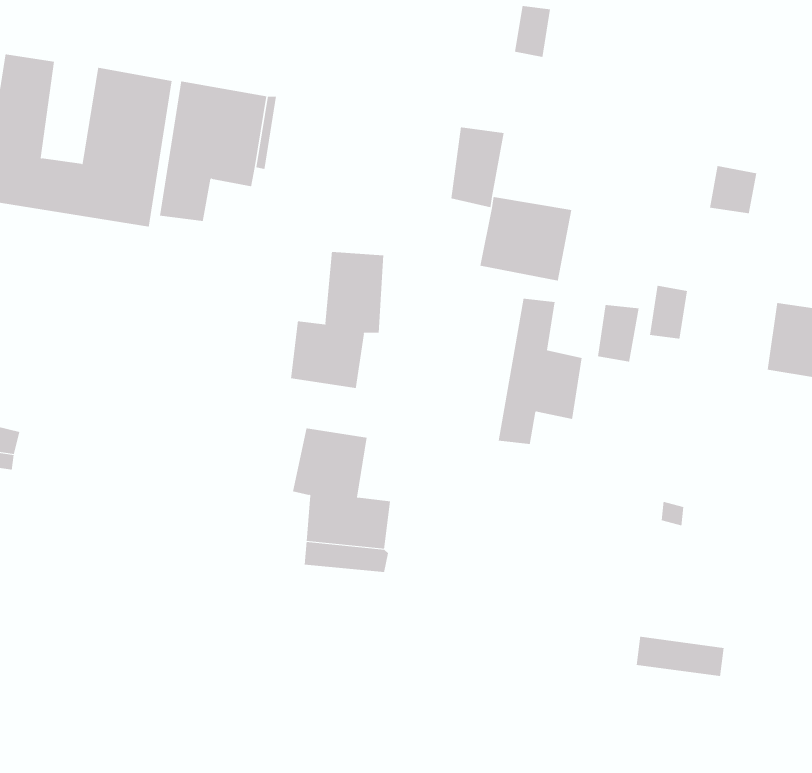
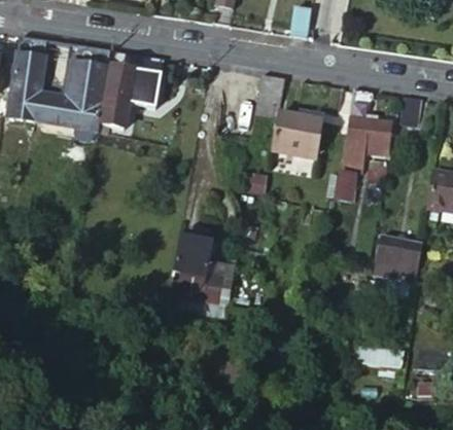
building: [291,251,384,389] -> none
building: [498,298,583,445] -> [341,91,386,169]
building: none -> [376,237,420,280]

